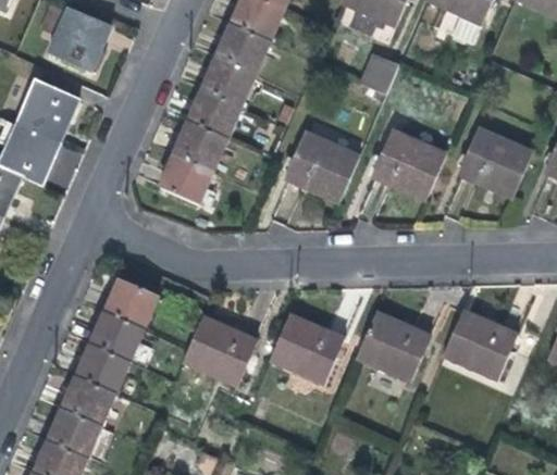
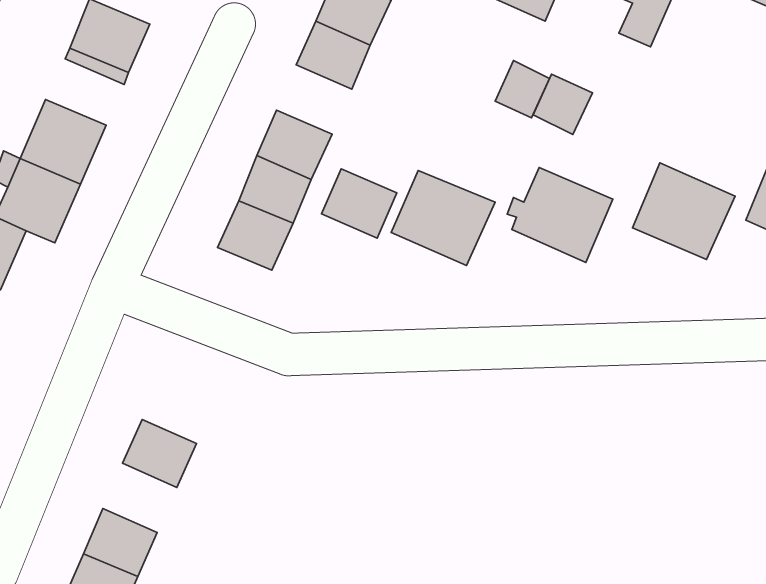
building: [201,55,256,105] -> [322,169,397,238]
building: none -> [533,74,592,134]
building: [104,278,158,328] -> none
building: [442,310,517,379] -> none
building: [356,311,429,379] -> none
building: [269,313,343,382] -> none
building: [183,315,257,385] -> none
building: [76,342,129,392] -> none

